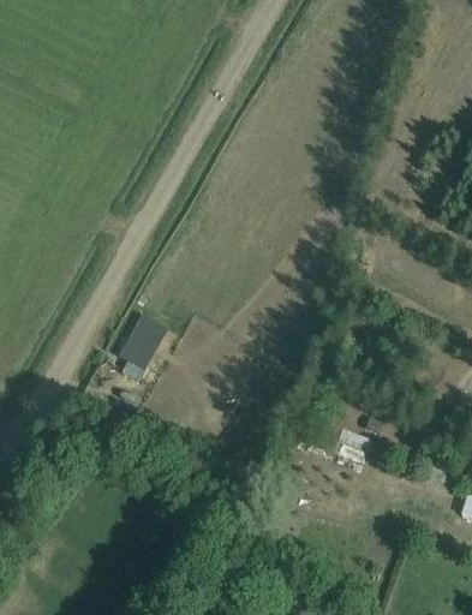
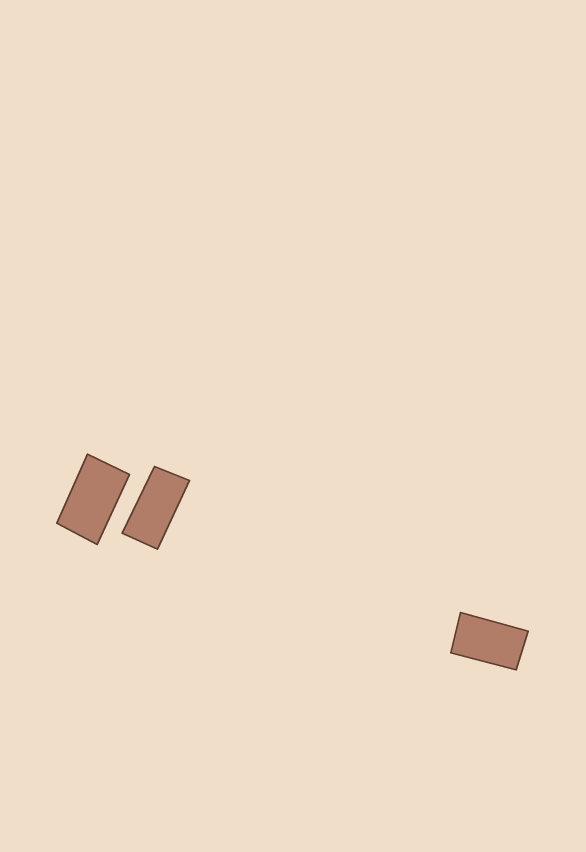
building: none -> [57,454,130,544]

